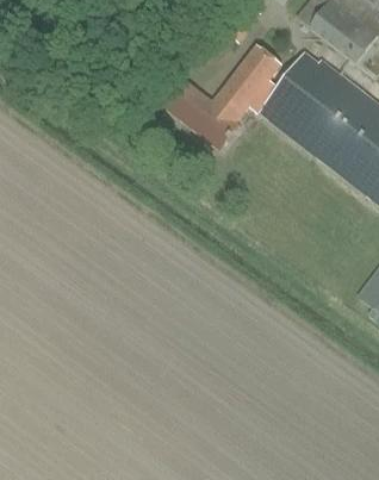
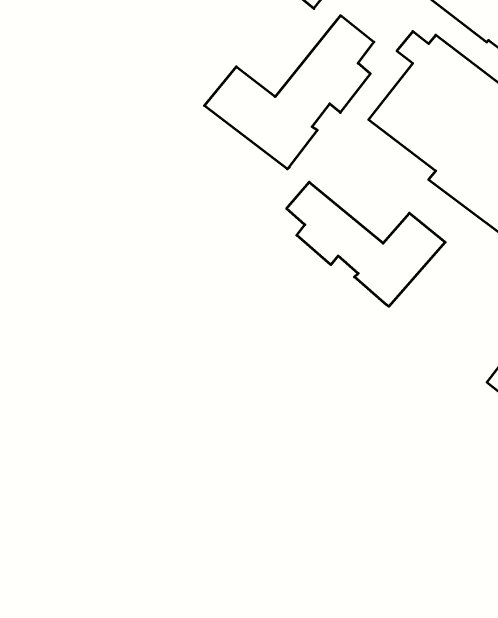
building: none -> [287,182,445,306]

